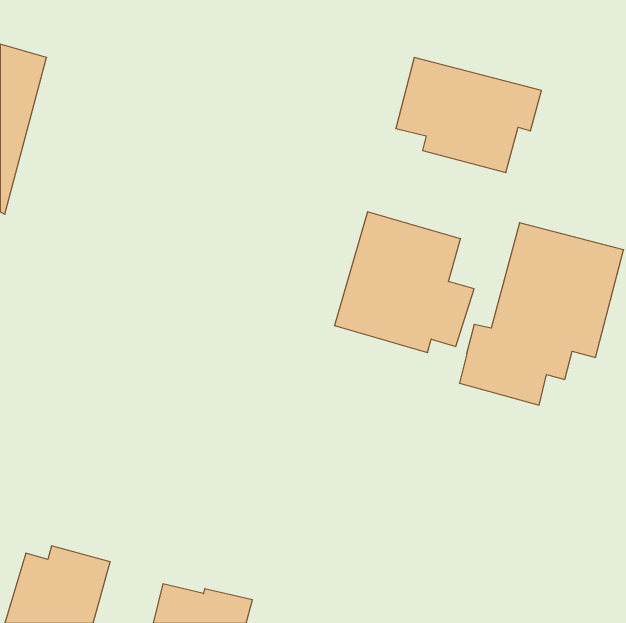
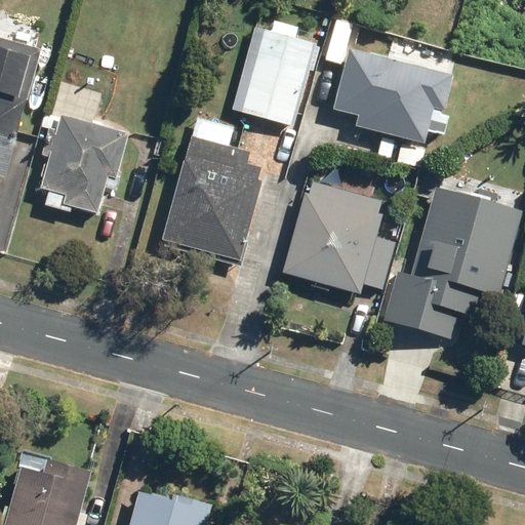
building: none -> [233,21,317,127]
building: none -> [40,115,129,214]
building: none -> [160,116,265,268]

